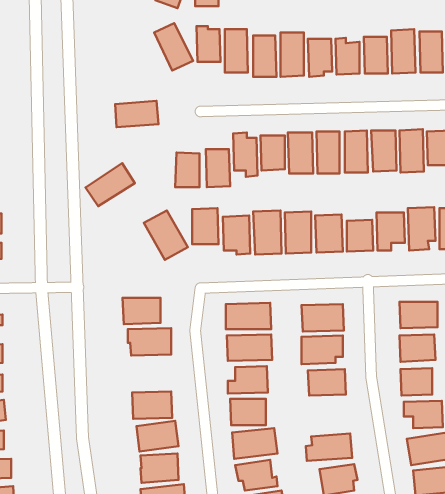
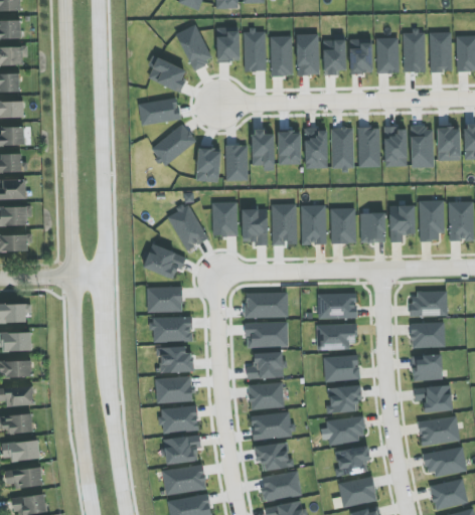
building: none -> [148,57,186,93]
building: [85,163,135,206] -> [150,124,197,165]
building: none -> [143,244,186,278]
building: none -> [157,346,191,372]
building: none -> [326,384,362,413]

